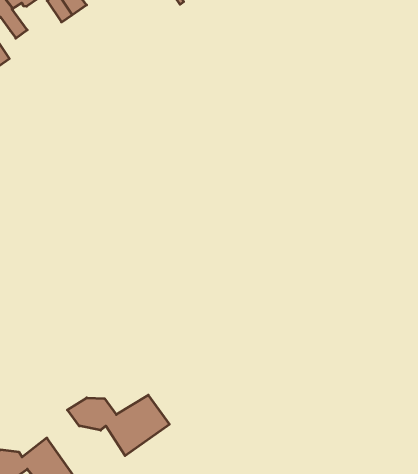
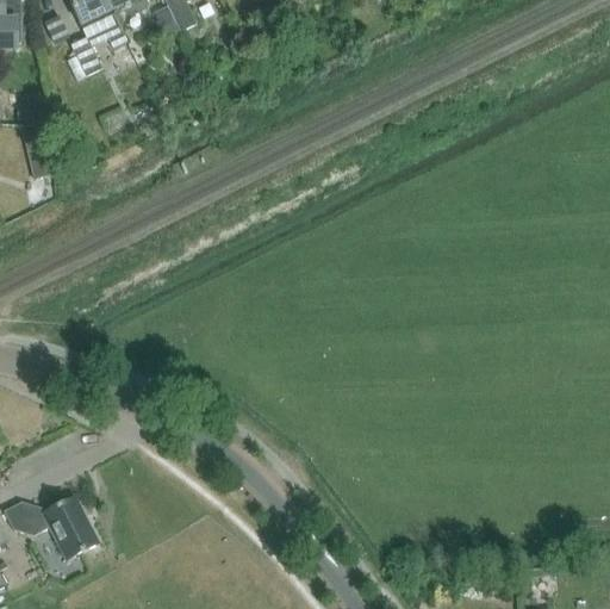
building: [67,395,169,456] -> none

